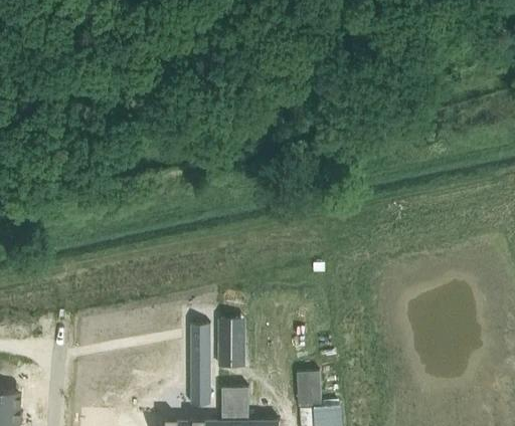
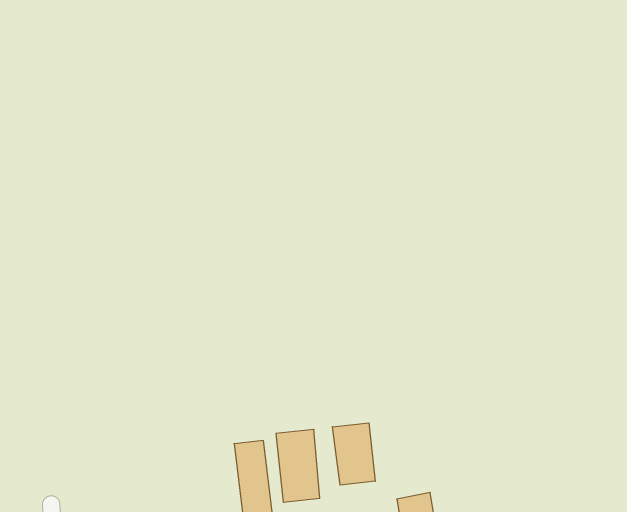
building: none -> [332,423,375,485]

